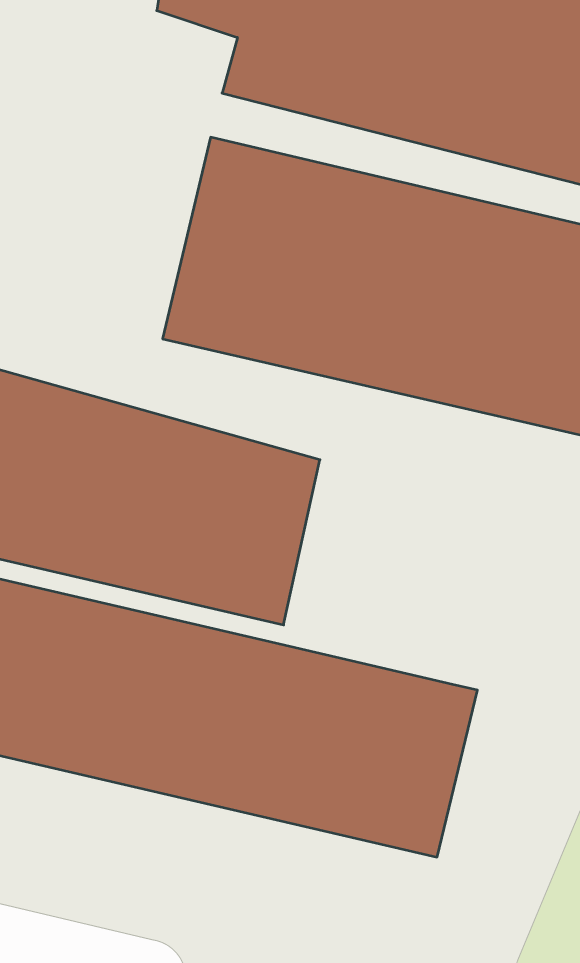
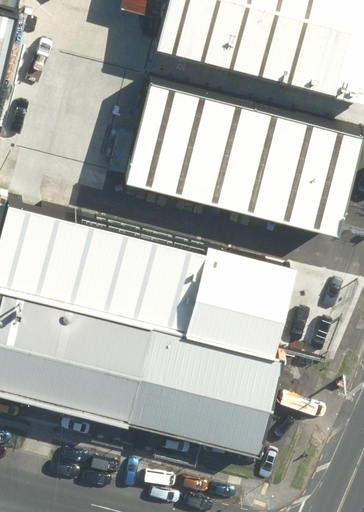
building: none -> [182,251,294,362]

